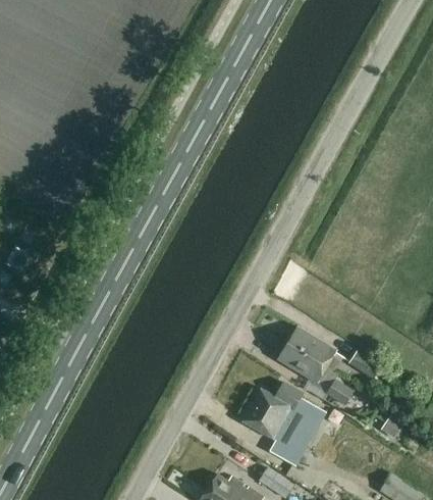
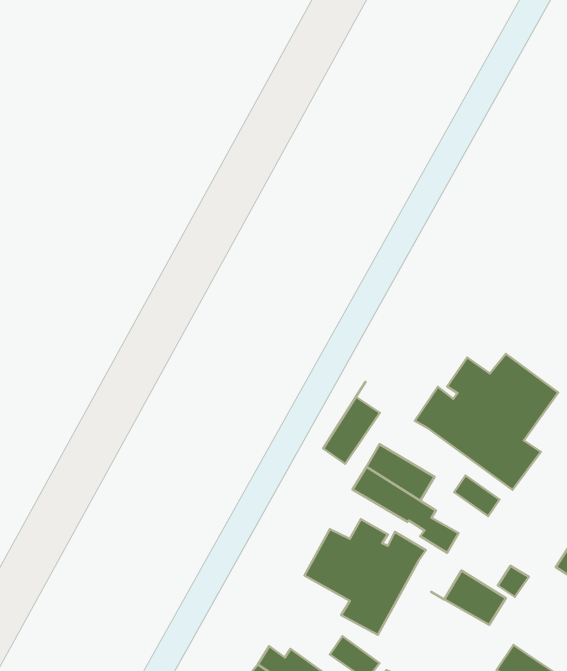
building: none -> [415,354,558,490]
building: none -> [323,382,380,464]
building: none -> [431,570,506,625]

